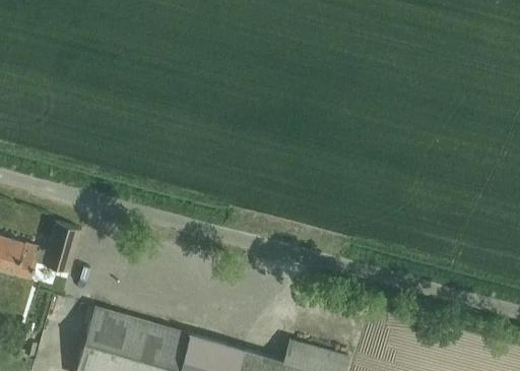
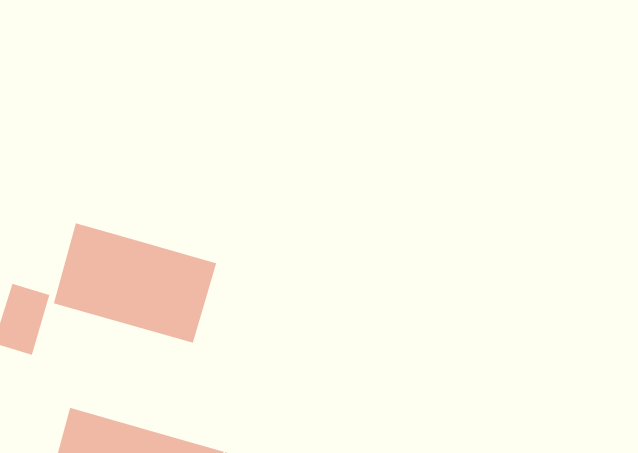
building: none -> [53,223,217,344]

